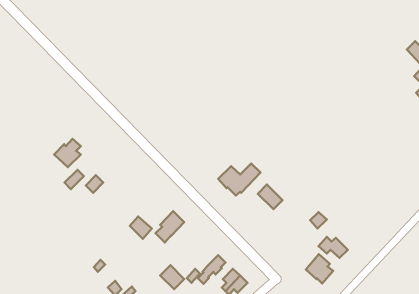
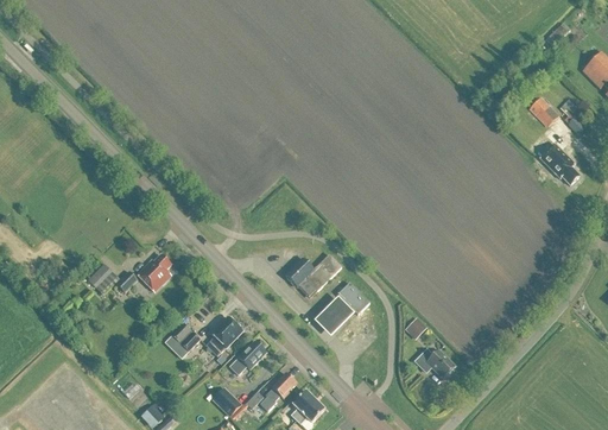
building: [54,139,81,167] -> [137,254,171,291]
building: none -> [315,298,353,337]
building: none -> [230,341,266,374]
building: [306,254,333,284] -> none

